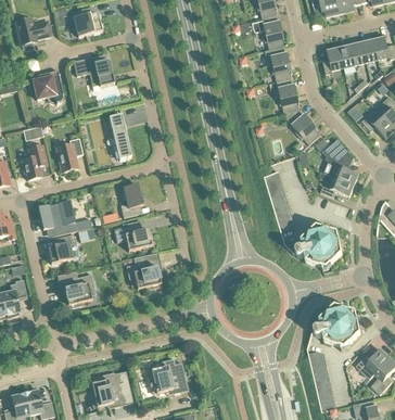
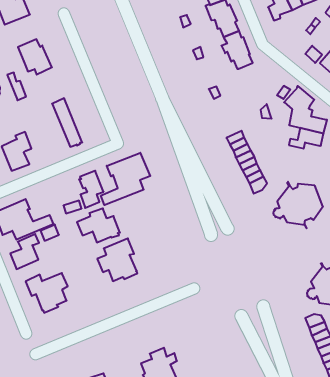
building: [285,110,320,144] -> none
building: none -> [101,153,150,205]

